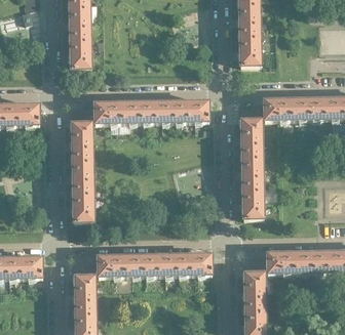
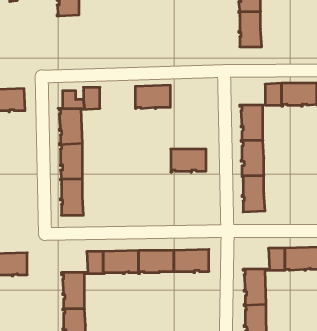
building: [70,35,91,69] -> none
building: [176,100,208,122] -> [171,149,206,172]
building: [110,101,143,123] -> none

